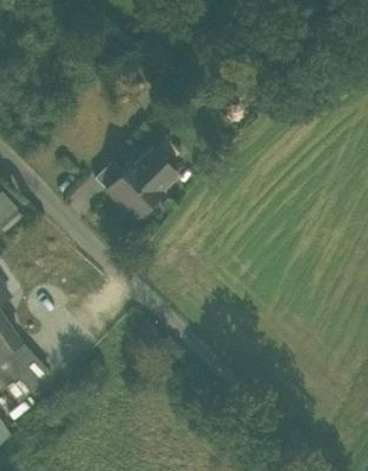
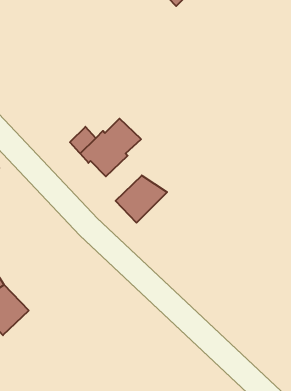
building: none -> [116,175,167,223]

